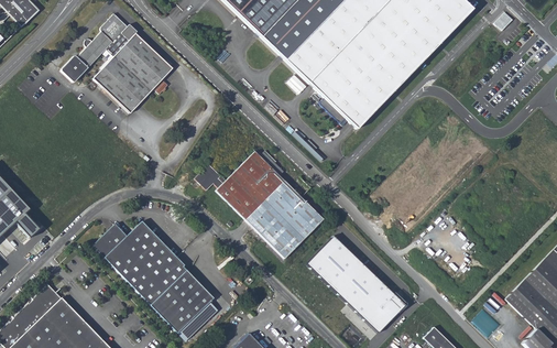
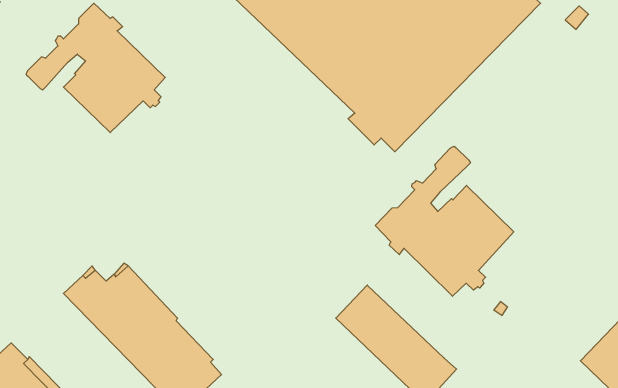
building: none -> [375,146,514,296]
building: [194,151,321,259] -> none

